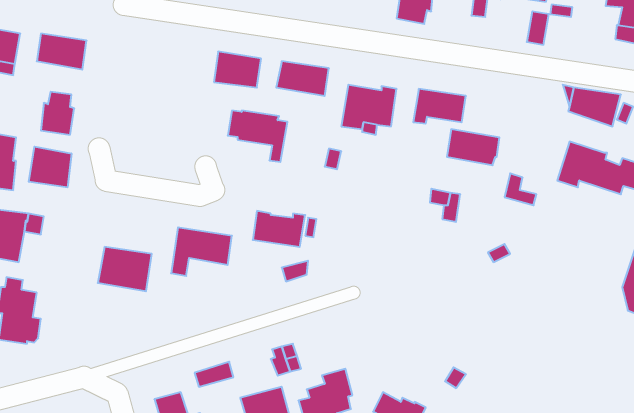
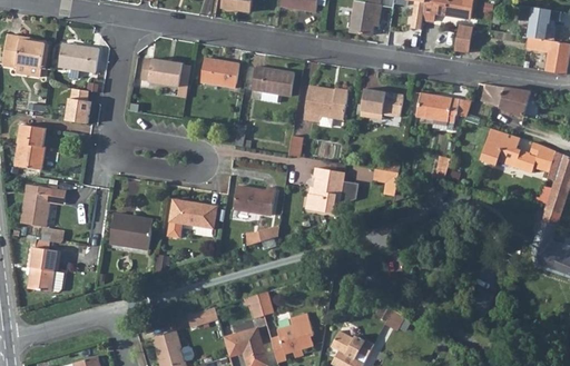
building: [228,111,287,162] -> [142,58,190,99]
building: [447,129,499,165] -> [417,93,460,122]
building: [29,147,71,187] -> none
building: none -> [307,167,353,212]

